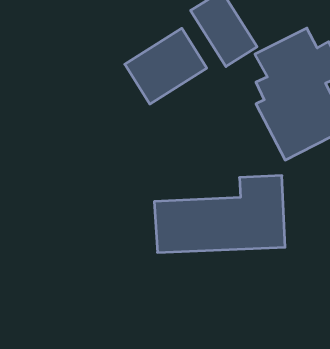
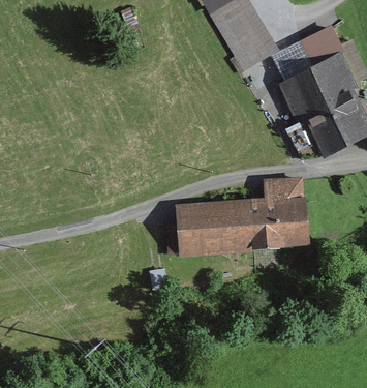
building: [125,28,207,104] -> none

